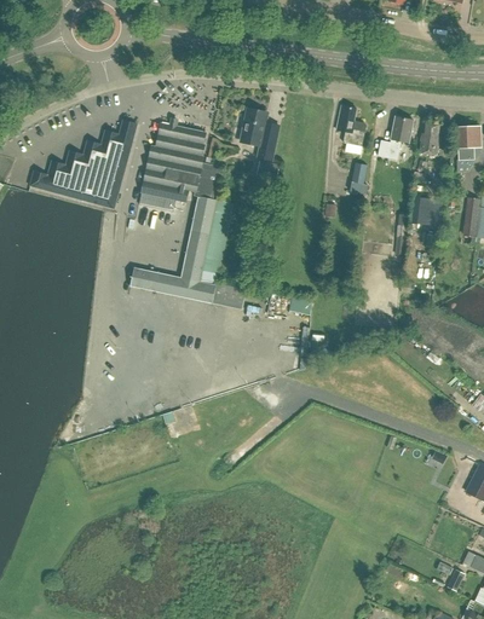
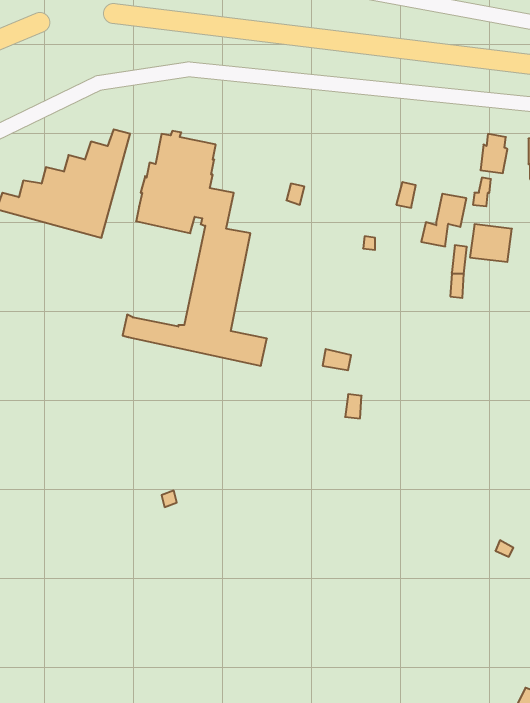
building: [336,105,364,145] -> none
building: [241,110,276,161] -> none
building: [378,116,414,158] -> [421,194,466,246]

